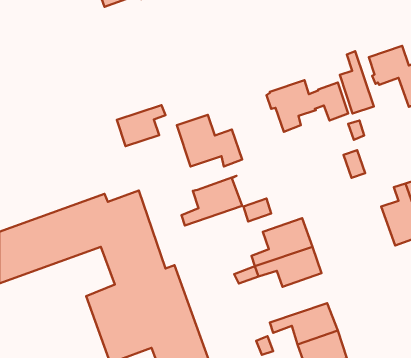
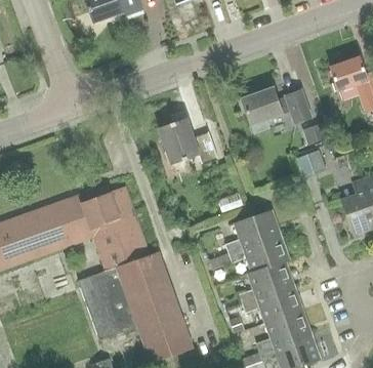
building: [340,51,374,114] -> none
building: [117,105,165,146] -> none
building: [181,176,242,225] -> [239,259,293,303]

